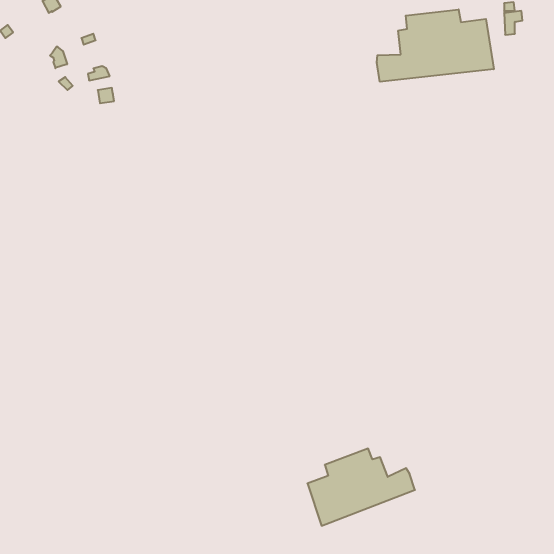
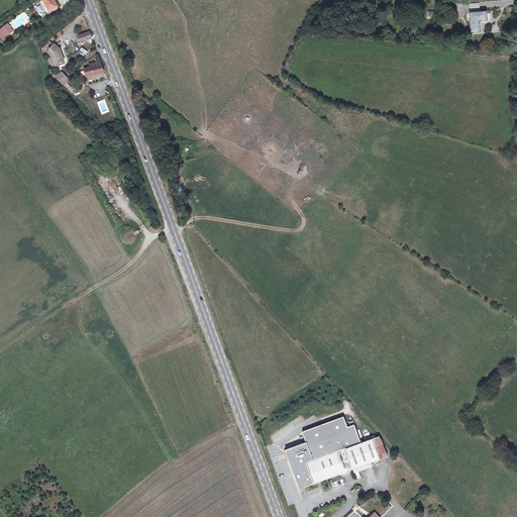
building: [377,9,494,82] -> none

